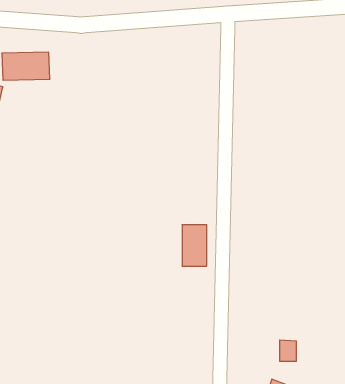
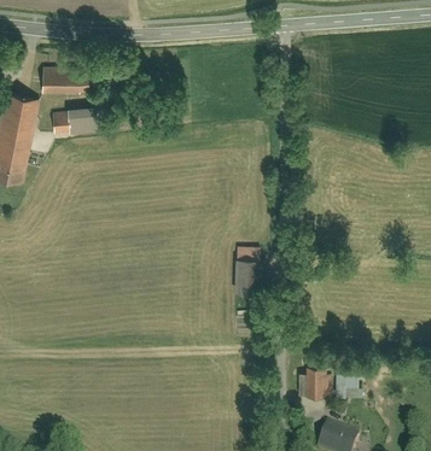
building: none -> [52,109,101,134]
building: none -> [308,368,327,396]

